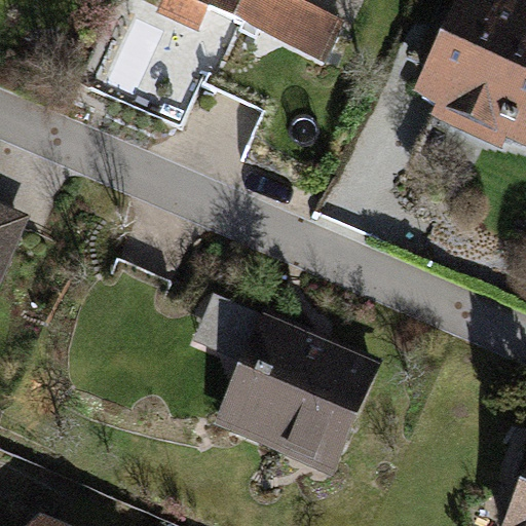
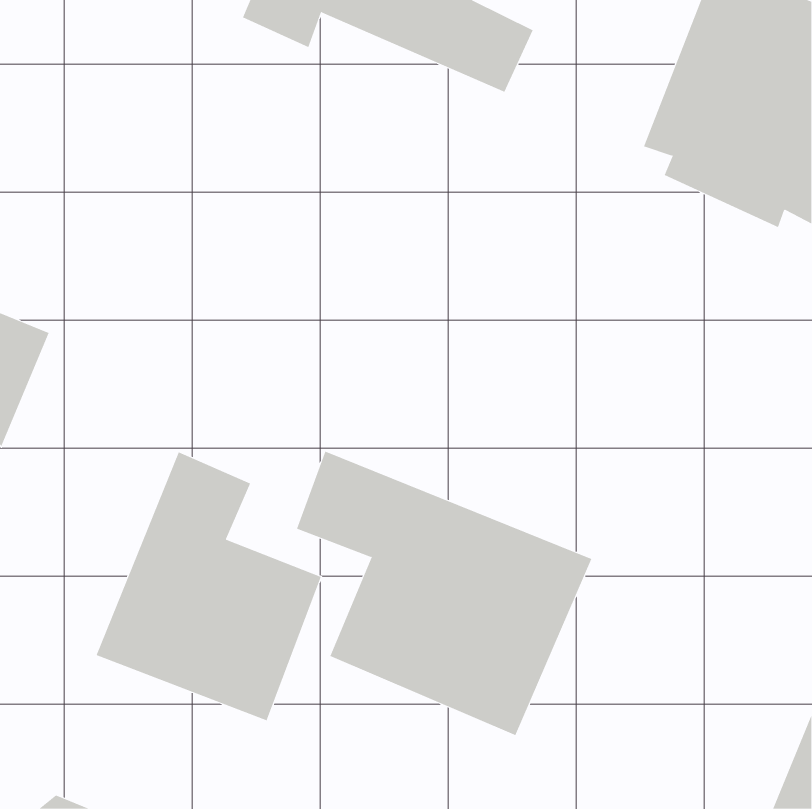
building: none -> [96,452,321,721]

